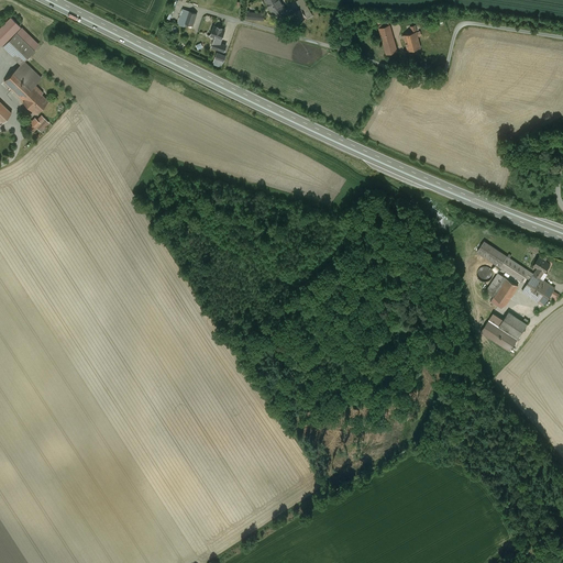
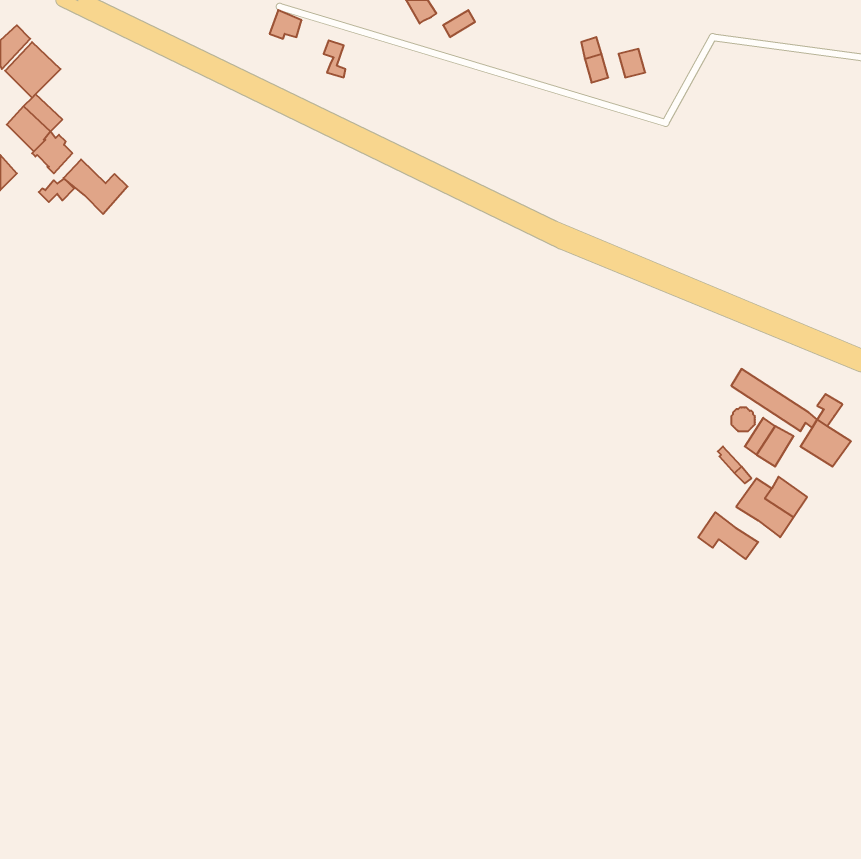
building: none -> [63,159,128,214]
building: none -> [698,512,758,559]

